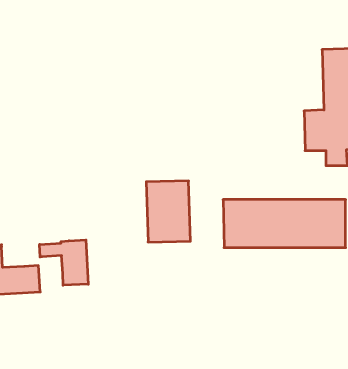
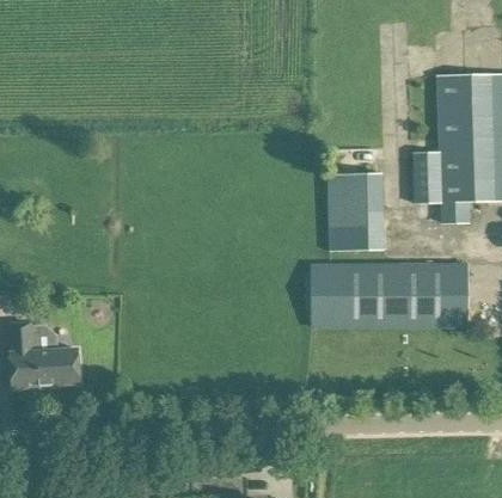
building: [146,181,190,242] -> [327,172,384,250]
building: [40,240,88,285] -> none

